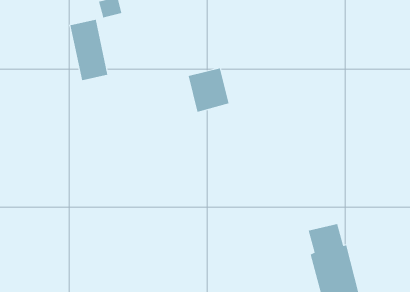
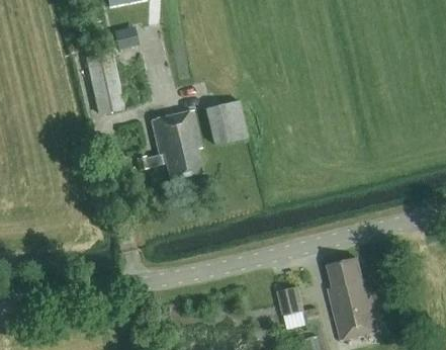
building: none -> [137,109,204,179]
building: none -> [276,285,303,315]

